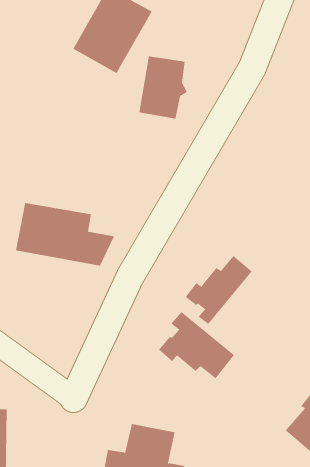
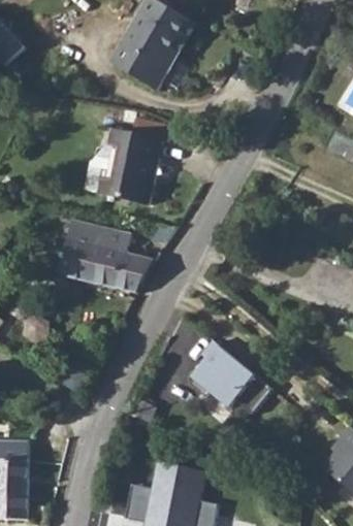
building: [139,56,188,119] -> [97,132,150,200]
building: [185,255,252,325] -> none

